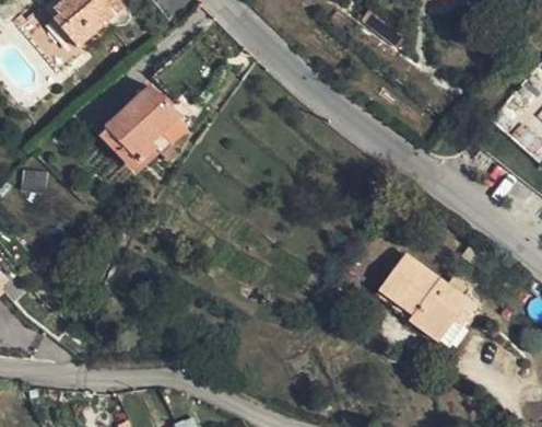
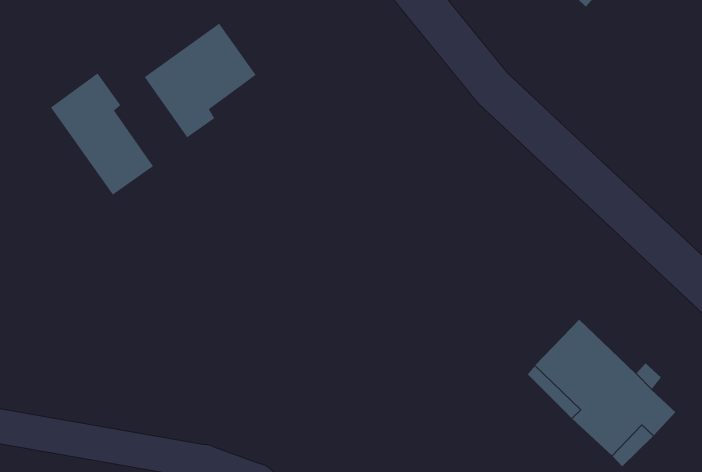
building: none -> [50,73,154,196]

